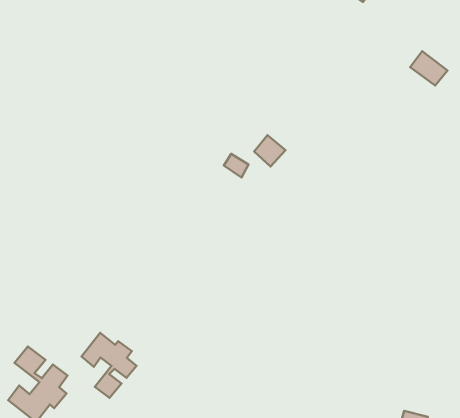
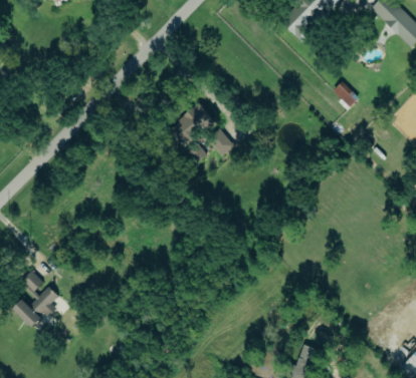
building: none -> [170,104,215,146]
building: [81,333,137,398] -> none

